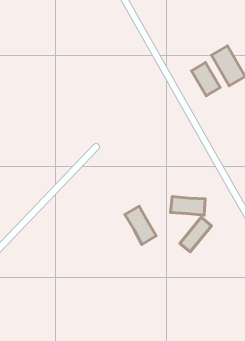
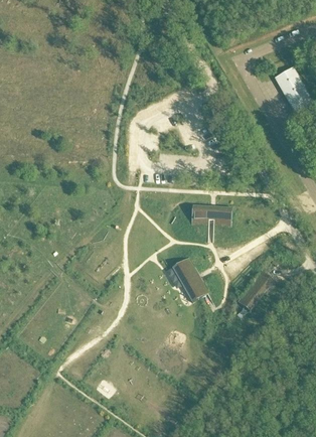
building: [192,63,220,96] -> none
building: [170,196,205,215] -> [191,204,232,227]

